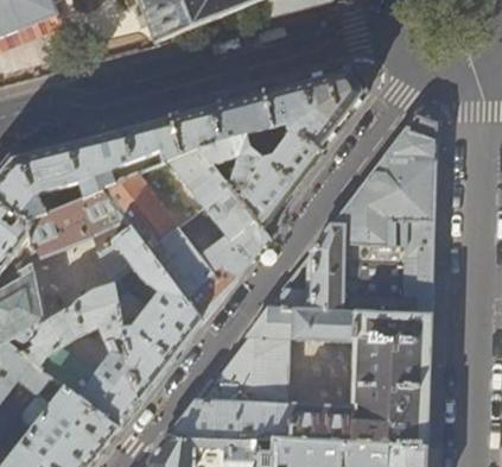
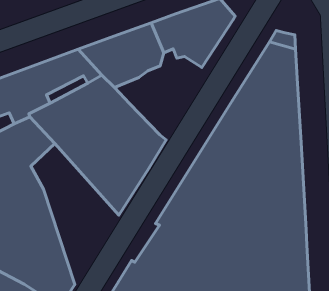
building: [228,138,320,231] -> none
building: [100,229,202,404] -> none

